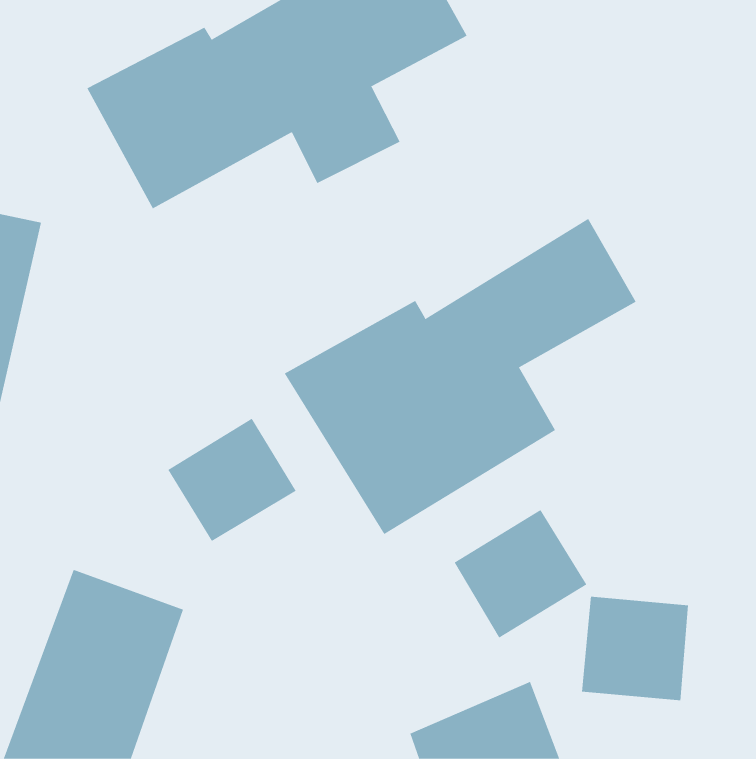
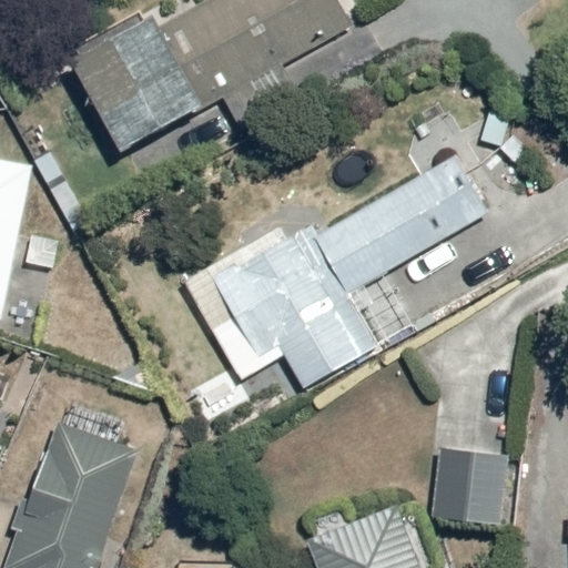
building: [168,418,297,542] -> none
building: [454,509,587,639] -> none

